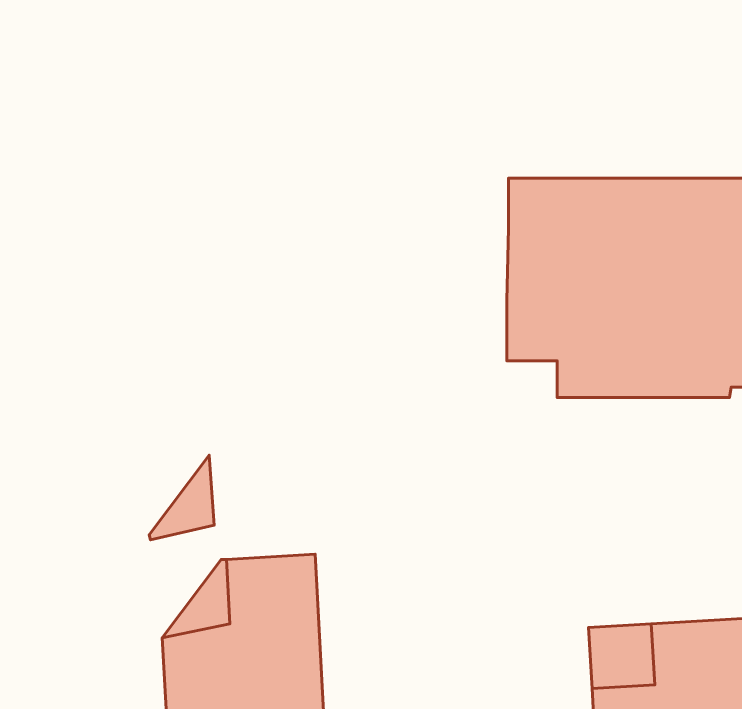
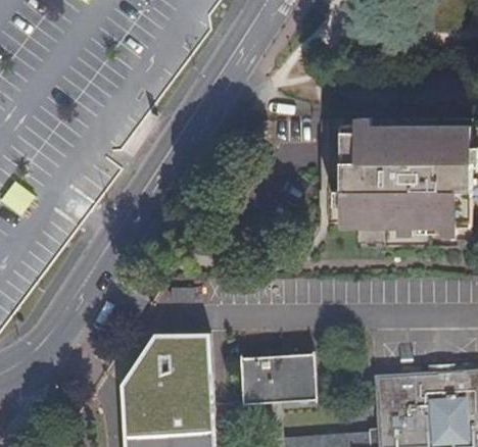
building: [149,455,214,540] -> none
building: none -> [237,347,316,400]

